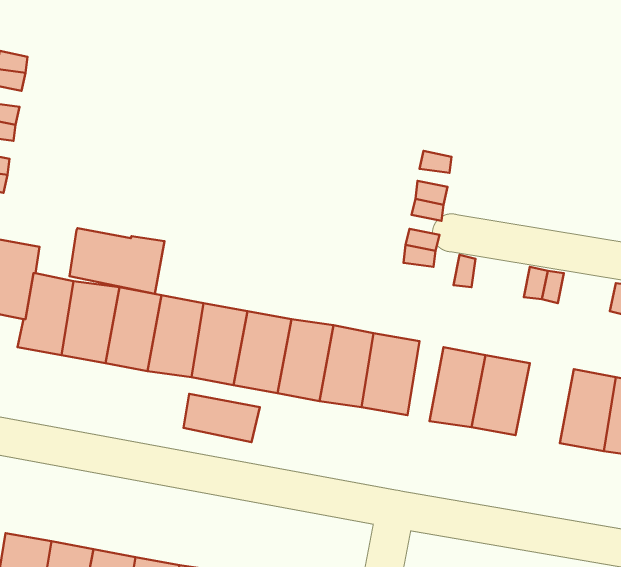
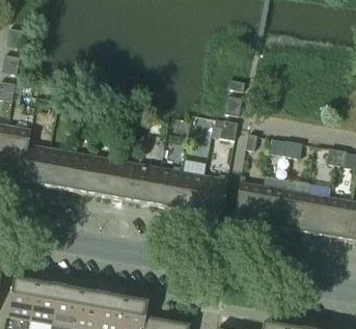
building: [69,228,165,294] -> none
building: none -> [277,189,307,230]
building: [183,394,260,442] -> none

